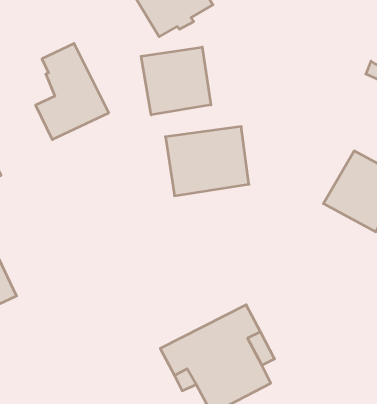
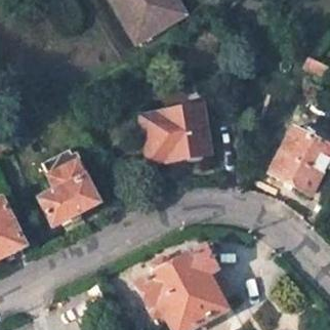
building: [36,43,109,140] -> [39,147,97,223]
building: [141,47,211,115] -> none

